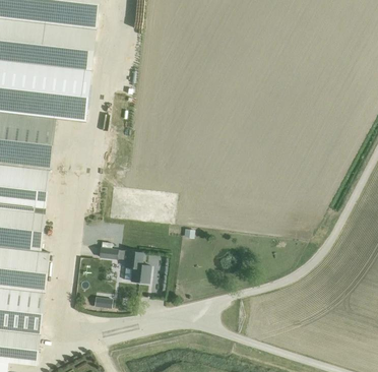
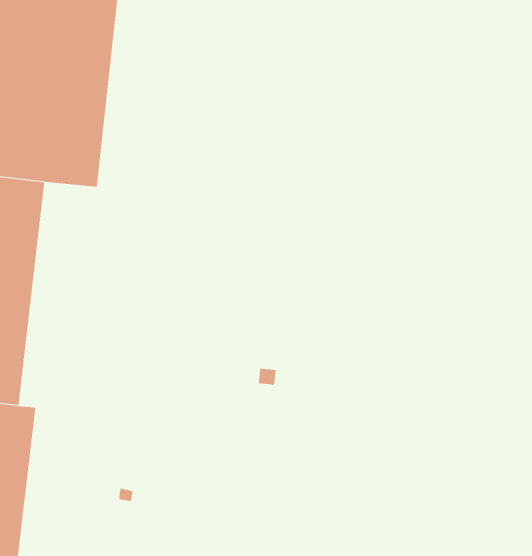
building: [99,247,149,282] -> none

